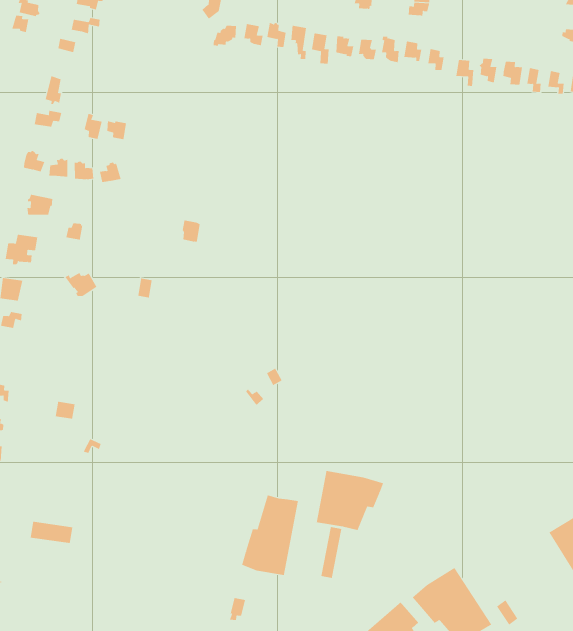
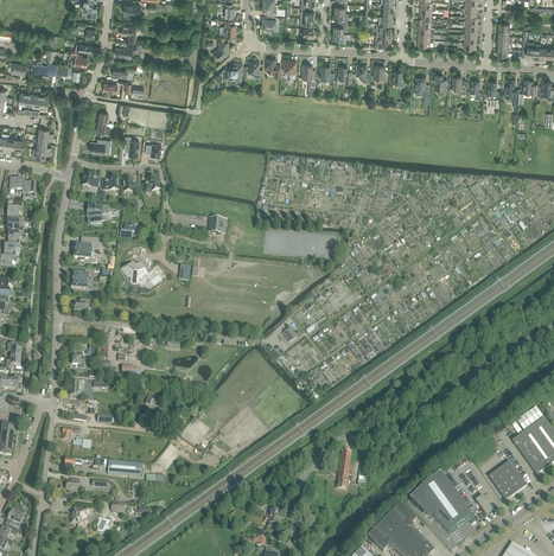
building: [316,470,384,531] -> none
building: [241,495,299,576] -> none
building: none -> [489,461,528,500]

